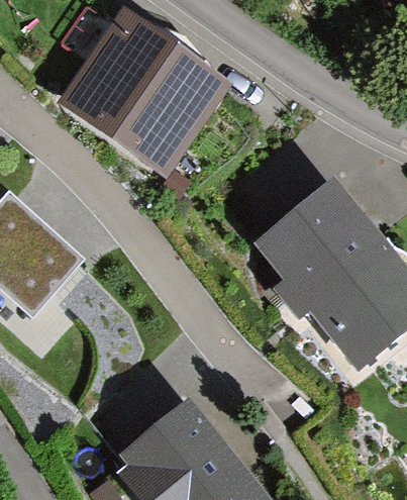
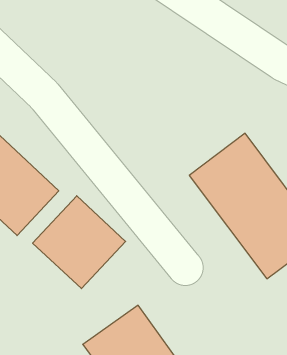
building: [68,28,212,167] -> none
building: none -> [33,196,126,289]

